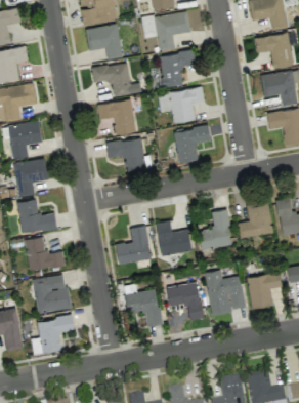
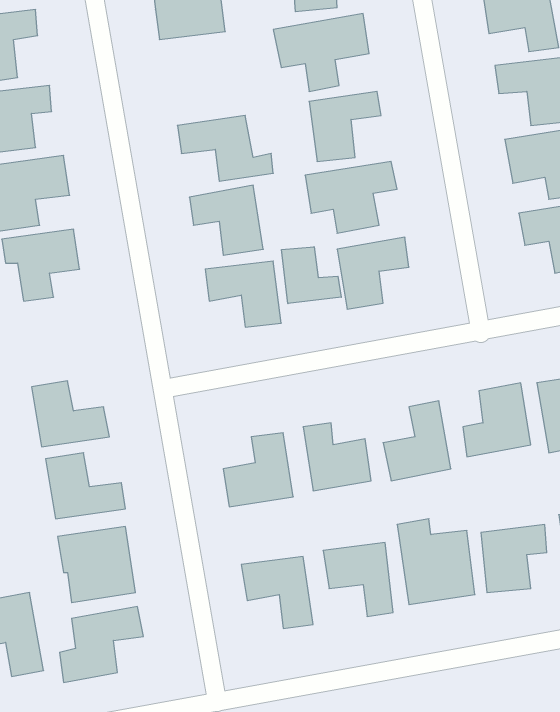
building: [86,24,123,59] -> none
building: none -> [282,247,341,304]
building: [14,158,48,197] -> none

